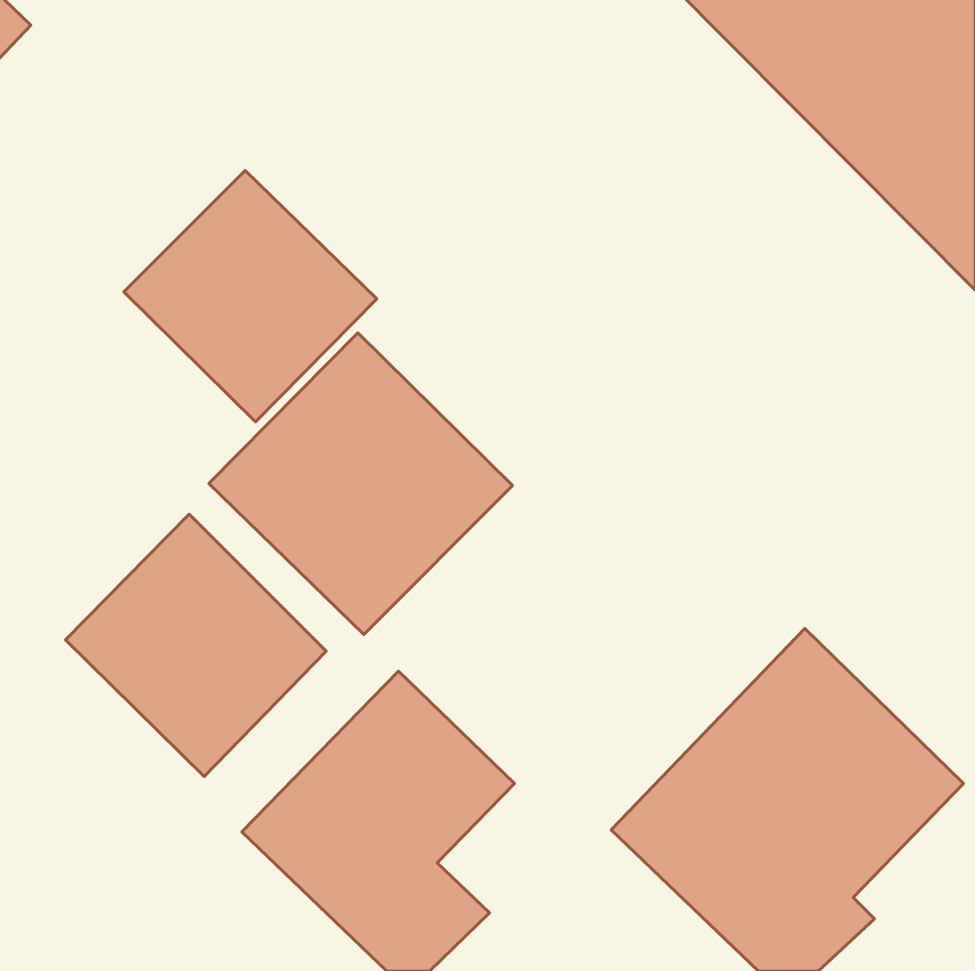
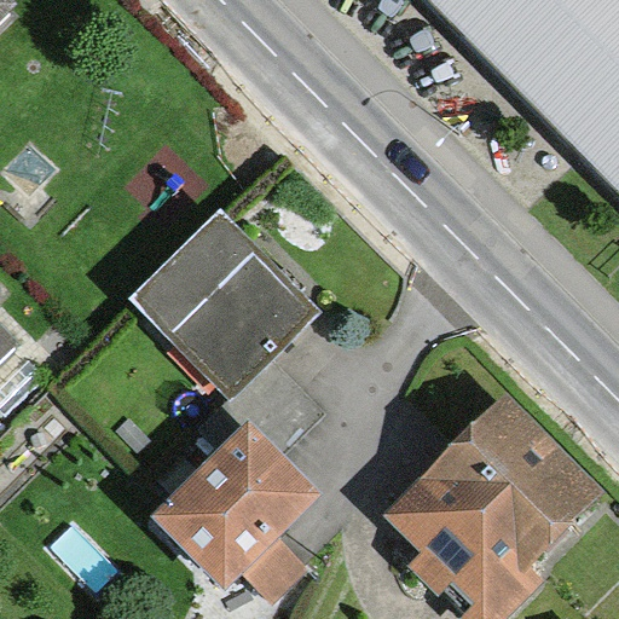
building: [124,171,377,422] -> none
building: [65,514,326,777] -> none

